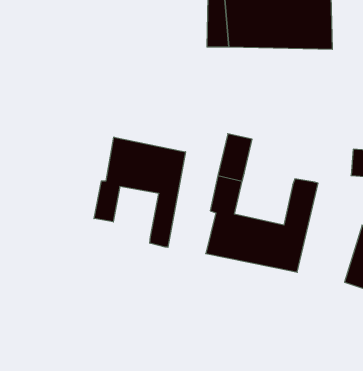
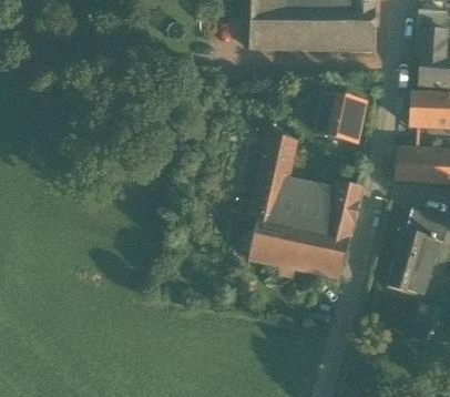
building: none -> [318,94,365,141]
building: [94,137,185,247] -> none
building: none -> [278,176,337,228]

